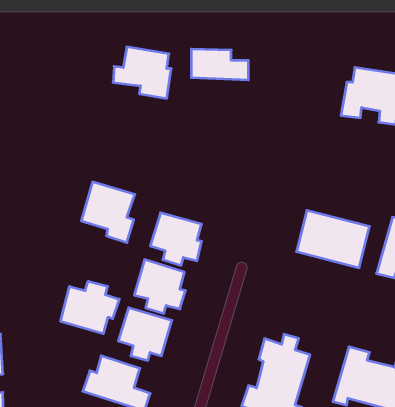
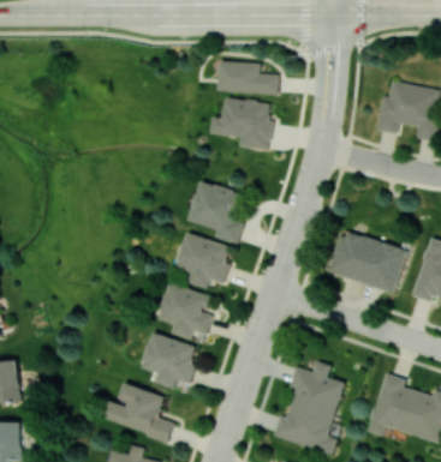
building: [113,47,171,98] -> [210,96,272,150]
building: [81,182,135,243] -> [187,180,244,244]
building: [61,281,119,334] -> none

